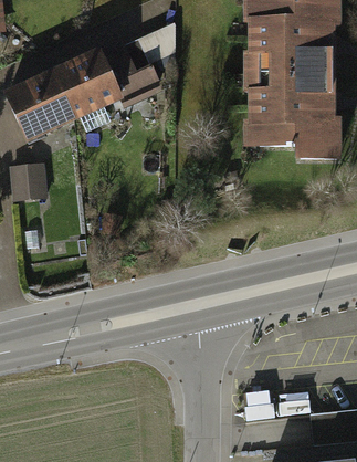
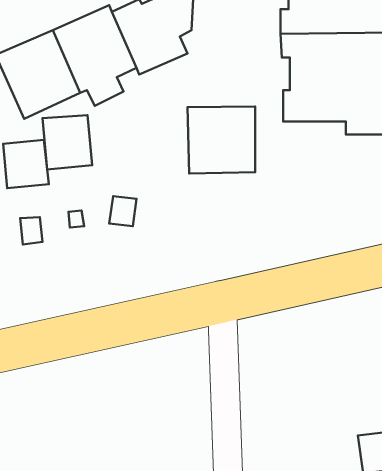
building: none -> [187,106,255,174]
building: none -> [42,115,92,170]

